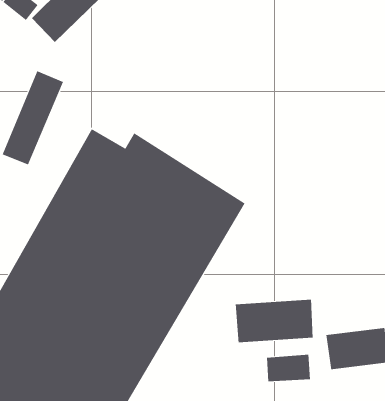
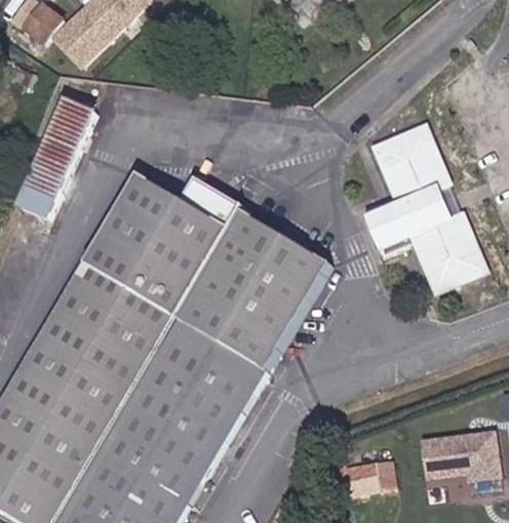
building: none -> [364,127,486,291]
building: [235,299,313,343] -> none

